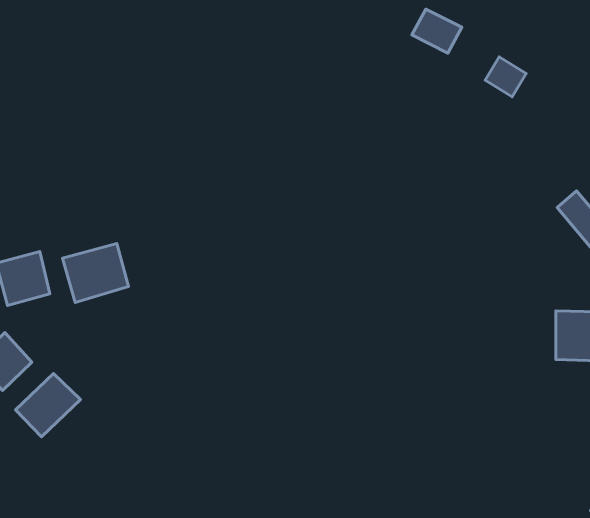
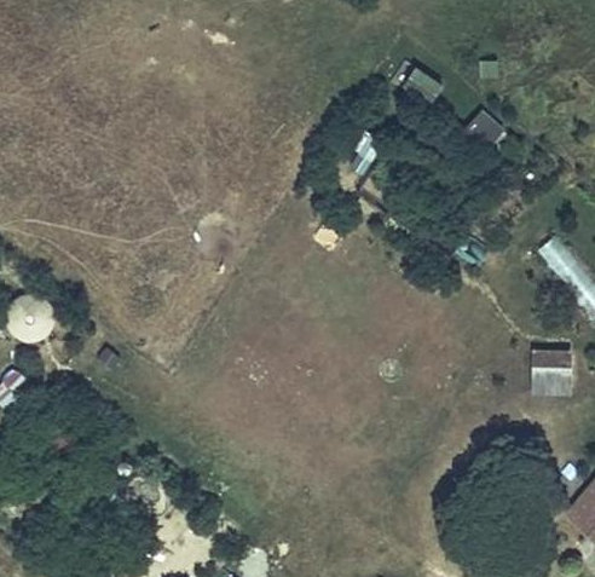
building: [63,243,129,302] -> none
building: [16,373,80,437] -> none

